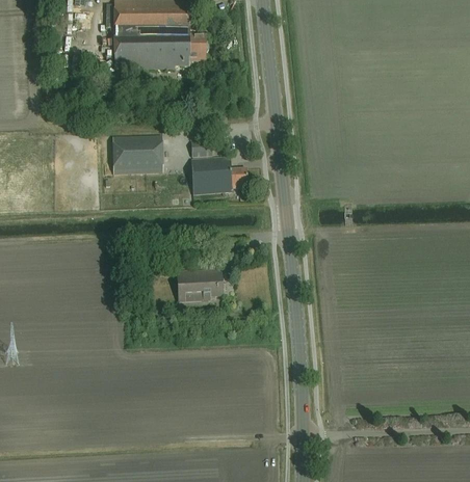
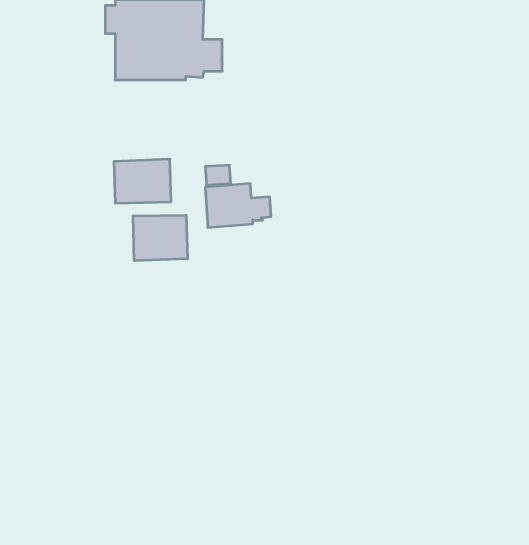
building: none -> [133,215,187,261]
building: [178,268,221,302] -> none

